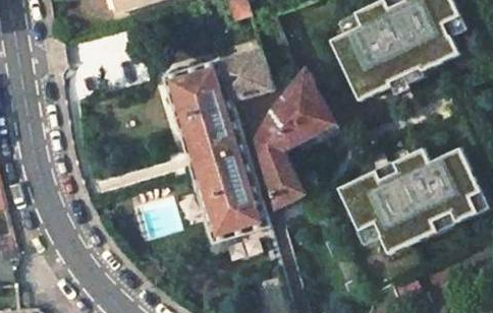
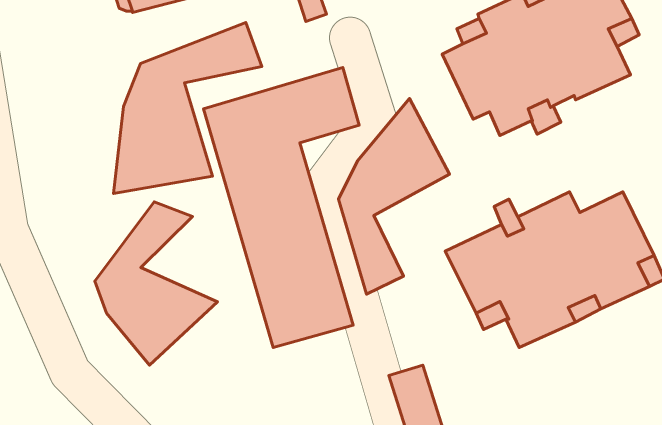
building: none -> [114,23,262,194]
building: none -> [95,202,217,365]

